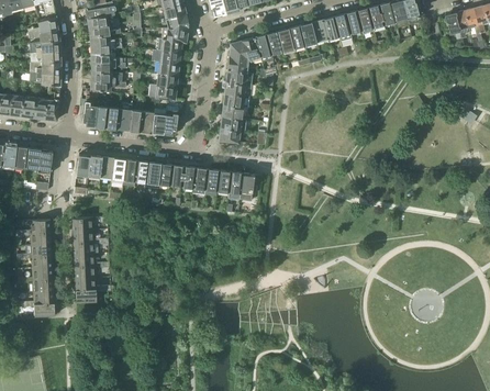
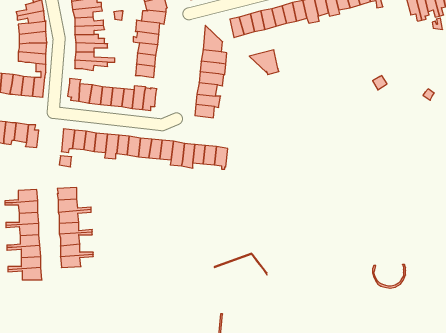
building: [230,37,261,64] -> [249,50,279,75]

